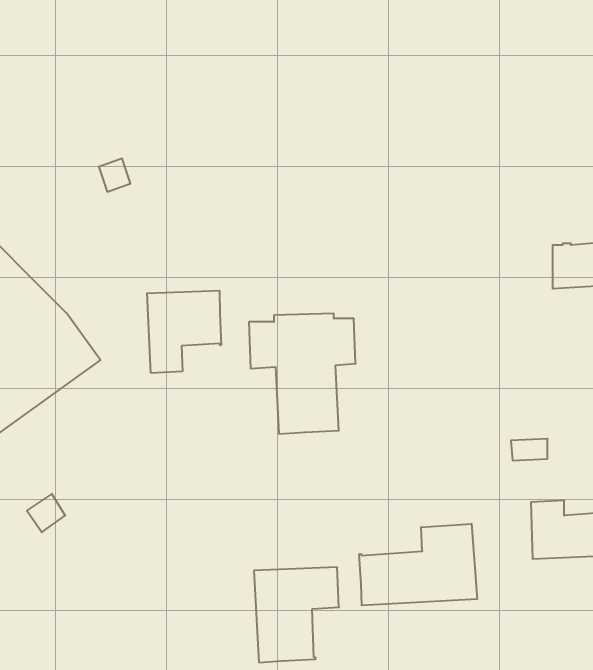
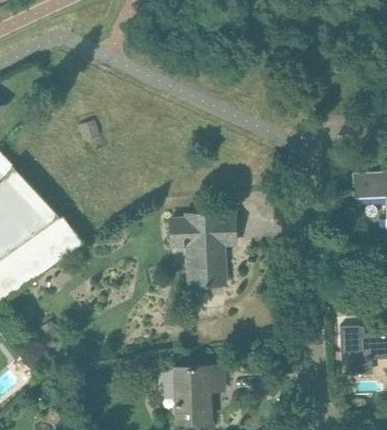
building: [147,291,221,373] -> none
building: [359,524,477,605] -> none

